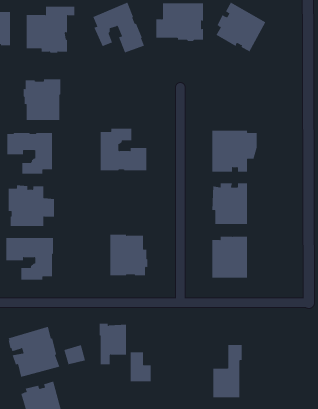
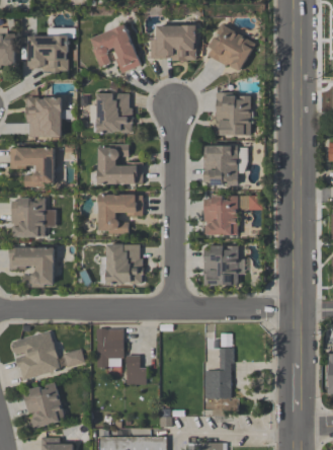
building: none -> [96,92,133,132]
building: none -> [216,92,251,134]
building: none -> [99,194,143,233]

